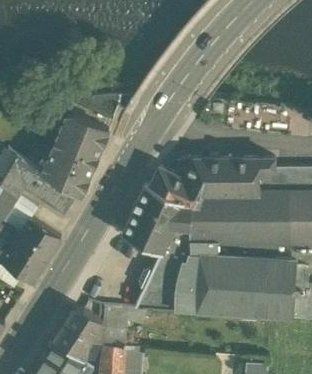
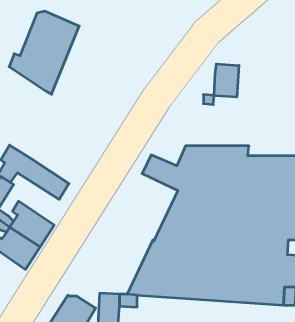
building: none -> [214,64,239,97]
building: [37,114,108,198] -> [9,11,79,94]
building: [121,183,185,253] -> none

